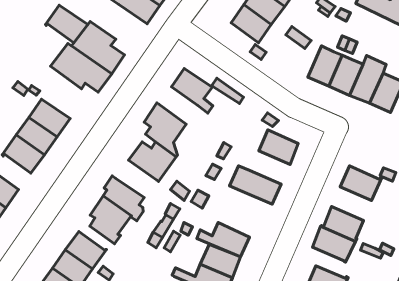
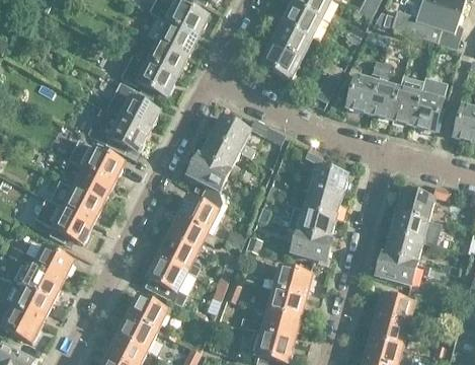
building: [45,5,88,43] -> [136,60,178,95]
building: none -> [83,144,125,181]
building: none -> [202,135,252,178]
building: none -> [303,187,342,217]
building: none -> [169,215,218,250]
building: none -> [390,211,429,241]
building: none -> [291,229,332,262]

